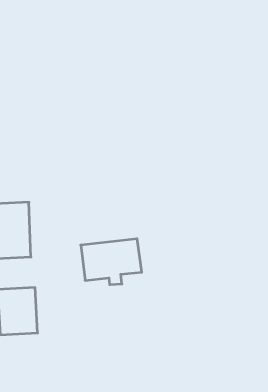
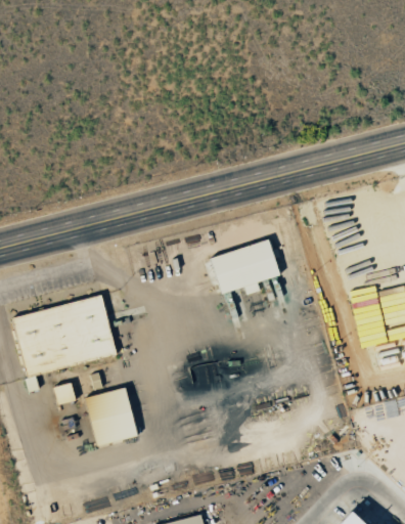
building: [81,239,142,285] -> [209,239,280,295]

